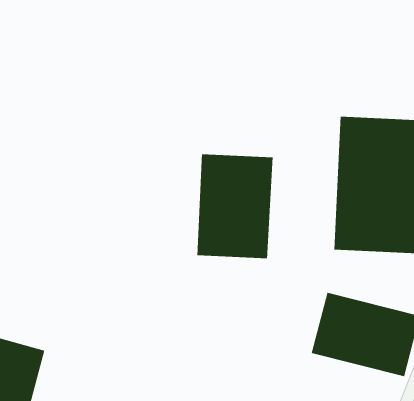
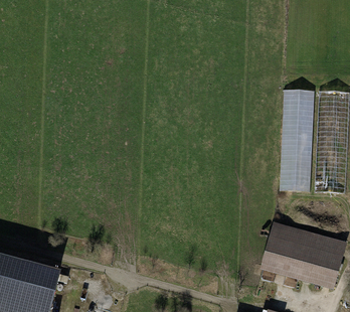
building: [197,154,273,259] -> none

